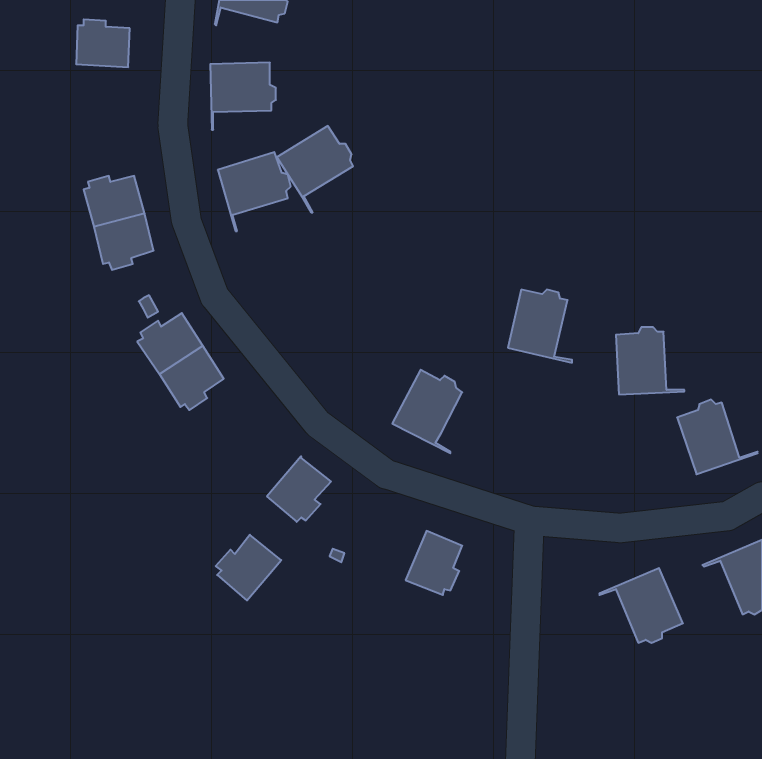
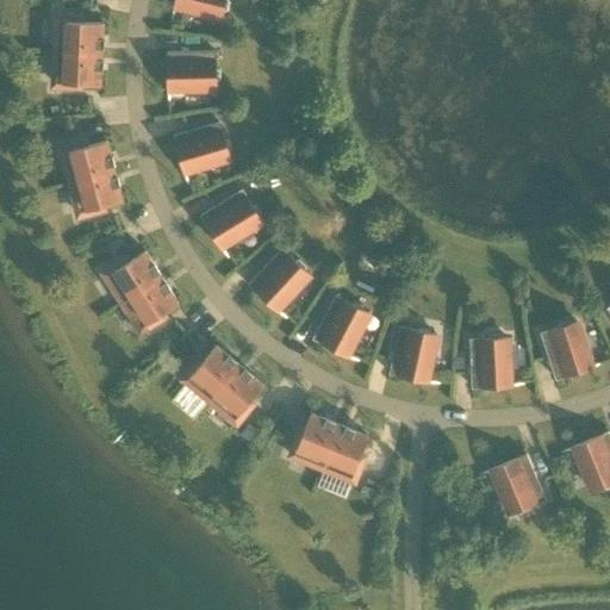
building: none -> [60,54,102,92]
building: [277,126,353,212] -> [201,192,262,261]
building: [508,290,572,363] -> [390,329,441,387]
building: none -> [249,251,309,322]
building: [616,327,684,394] -> [469,336,524,390]
building: none -> [293,415,341,466]
building: [216,535,281,600] -> [188,347,241,399]

